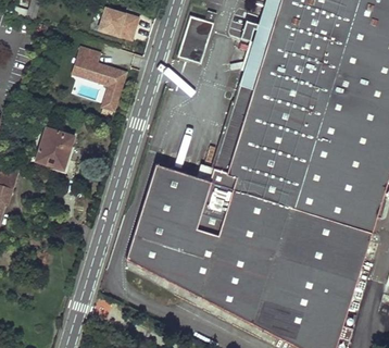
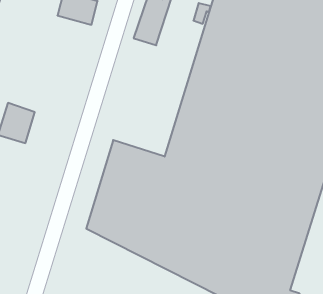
building: [70,46,128,114] -> none

